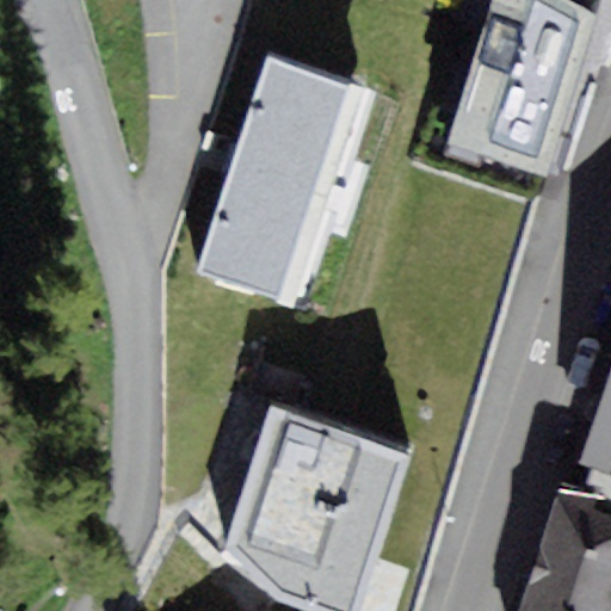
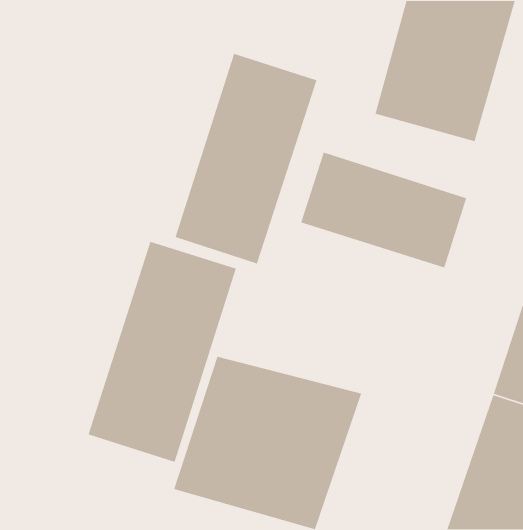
building: none -> [300,152,467,269]
building: none -> [87,241,237,463]

